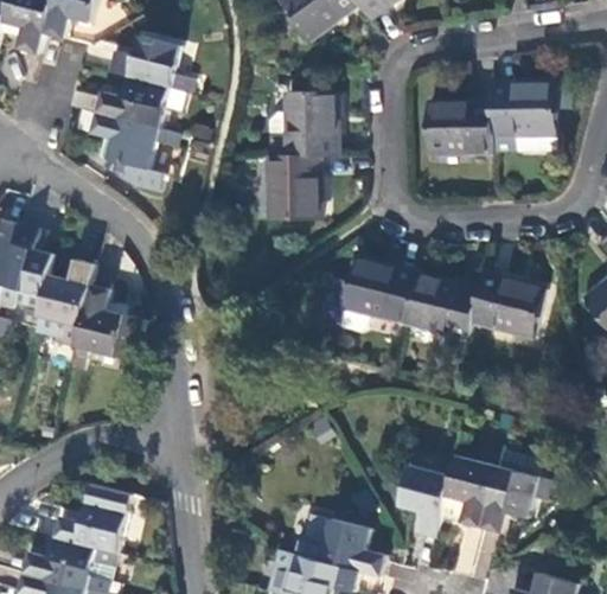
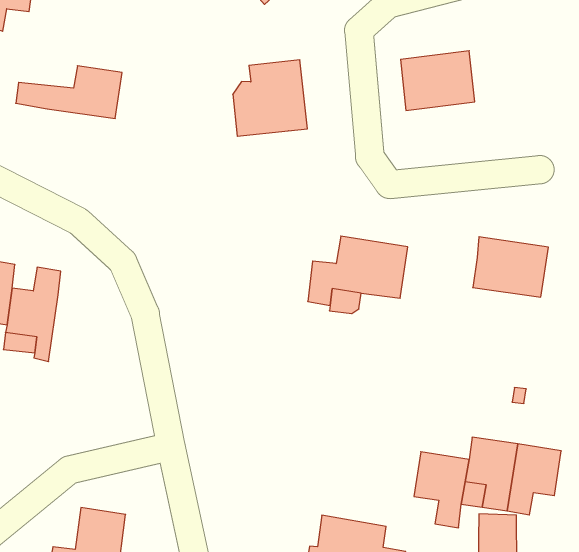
building: [109,34,194,92] -> none
building: [492,83,571,148] -> none
building: [94,113,179,192] -> none
building: [269,157,318,221] -> none
building: [404,275,479,338] -> none
building: [69,285,142,371] -> none

